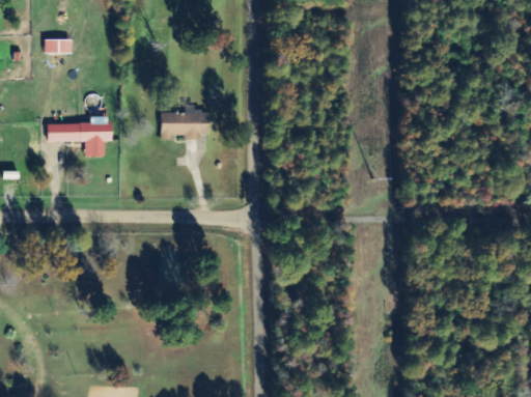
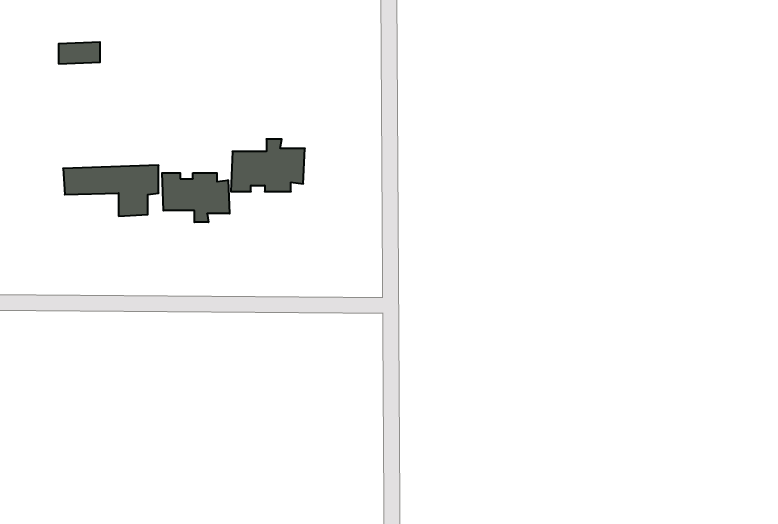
building: none -> [162,173,230,222]

